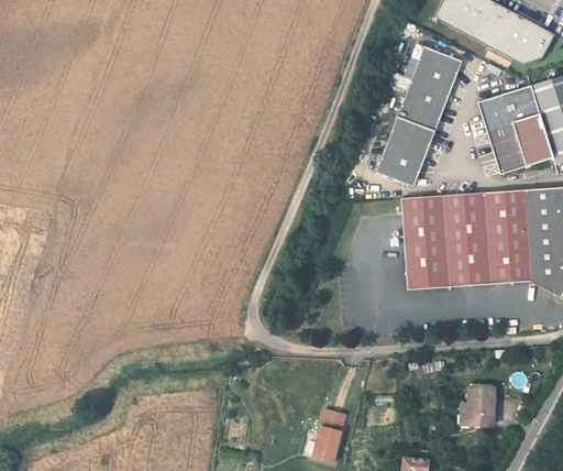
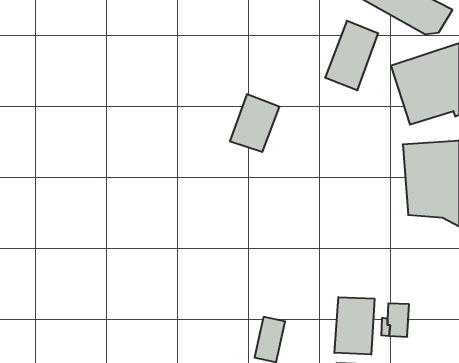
building: [376,113,437,184] -> [230,94,280,152]
building: [402,195,498,286] -> none
building: none -> [334,297,374,355]

